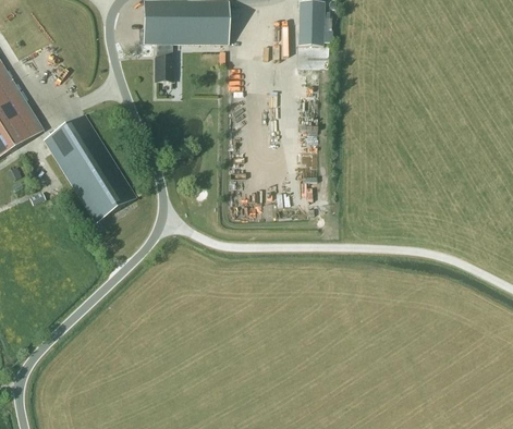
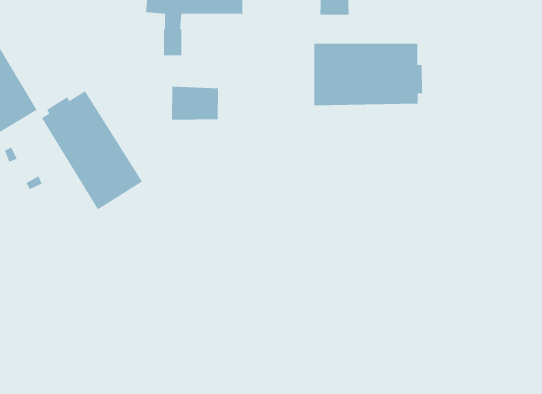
building: none -> [314,43,422,106]
building: none -> [171,86,218,121]

